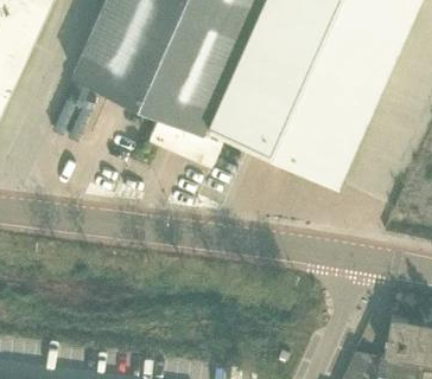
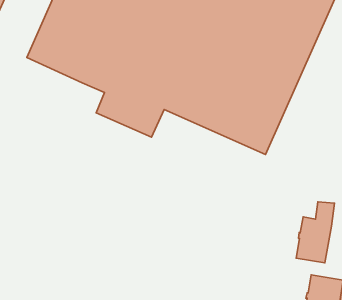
building: none -> [296,202,335,263]

